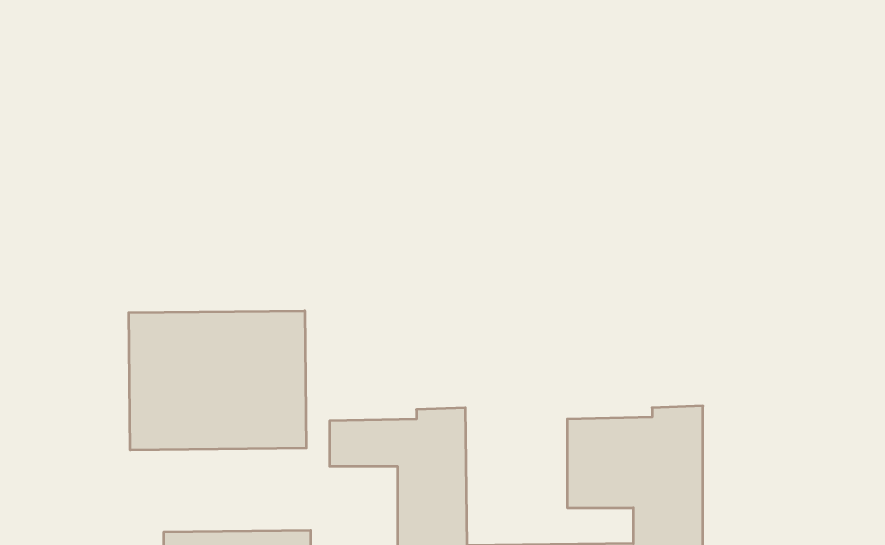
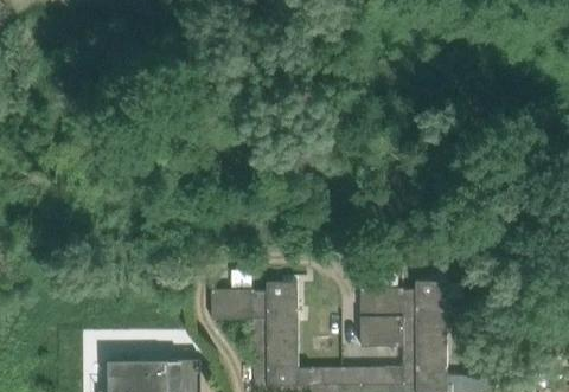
building: [129,311,306,450] -> none

